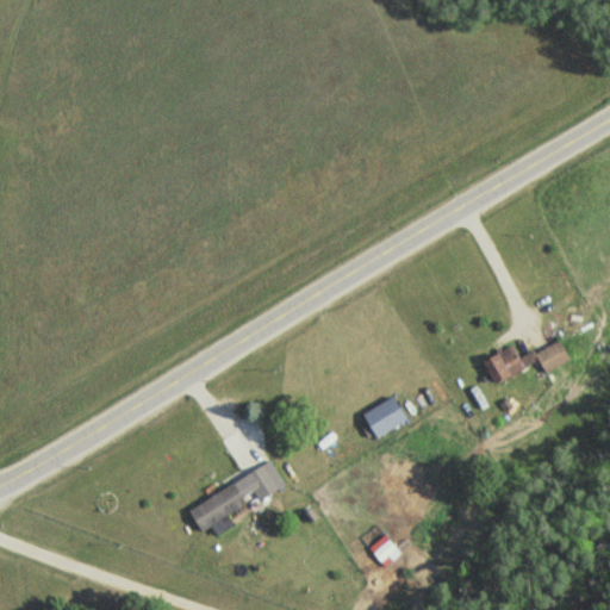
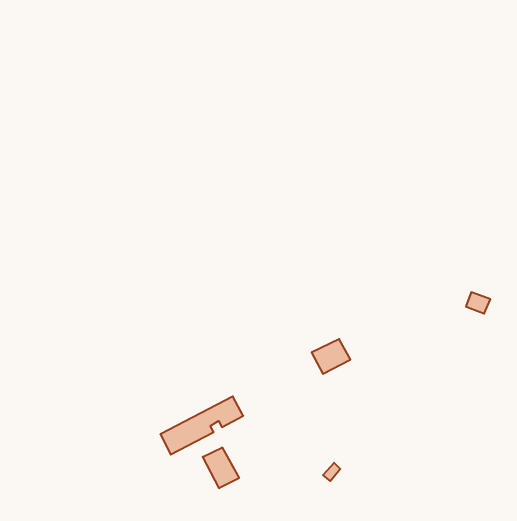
building: [485,347,528,386] -> none
building: none -> [203,447,239,488]

